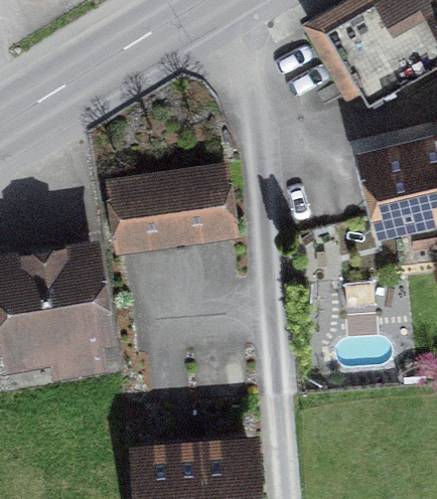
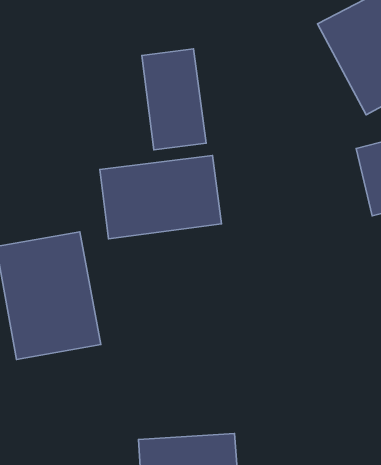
building: none -> [142,49,206,150]

